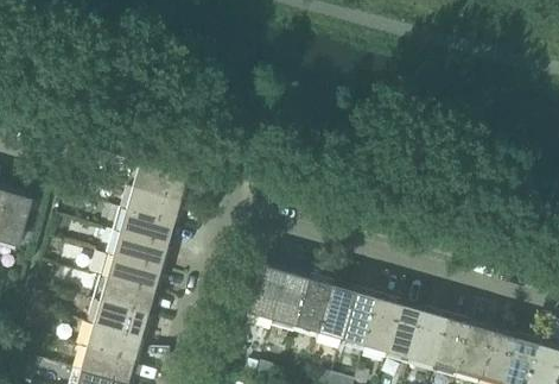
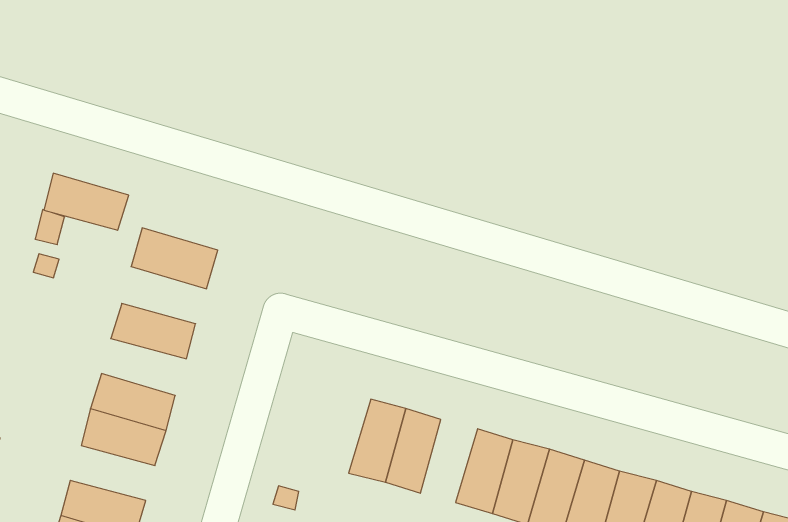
building: [125,187,179,224] -> [44,173,129,230]
building: [112,233,166,270] -> none
building: [247,265,285,320] -> none
building: [317,285,354,339] -> none
building: [91,302,146,338] -> none

